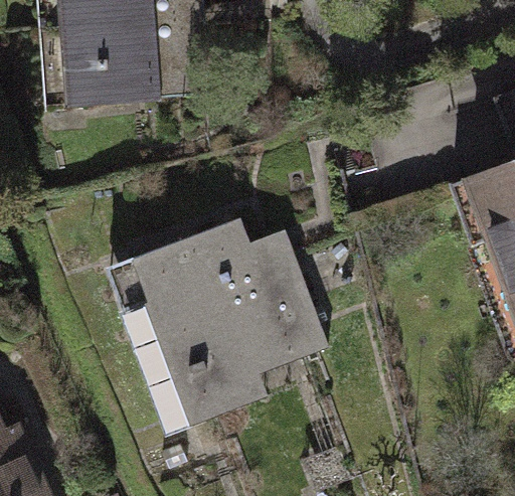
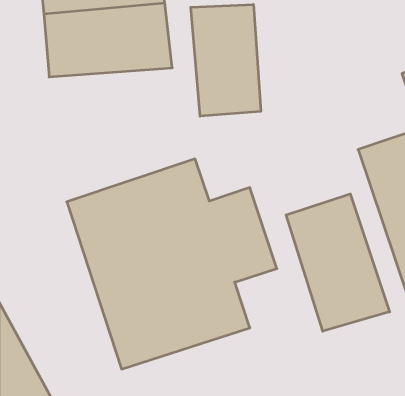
building: none -> [191,4,261,116]
building: none -> [286,194,390,331]

